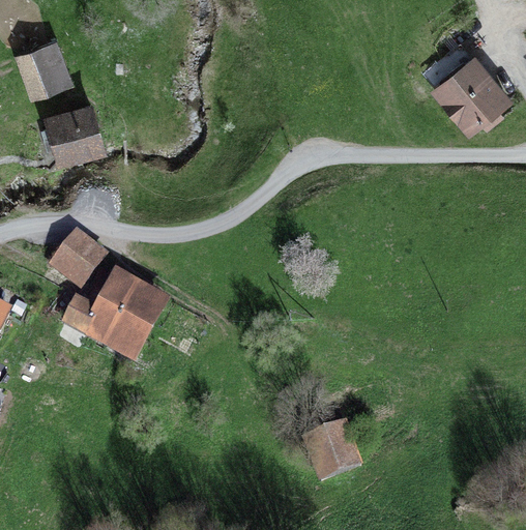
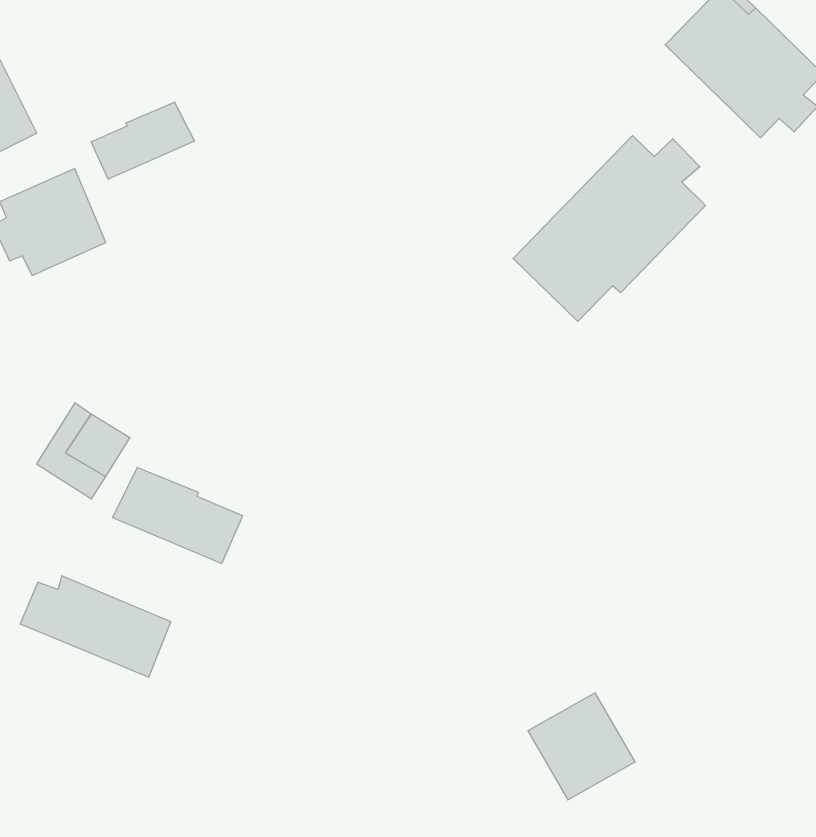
building: none -> [91,102,195,179]
building: none -> [513,136,705,321]
building: [64,298,147,359] -> [20,576,171,677]

